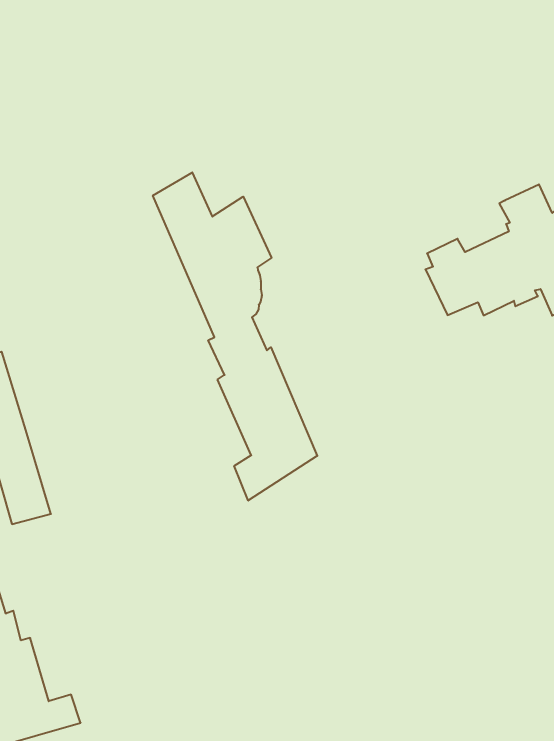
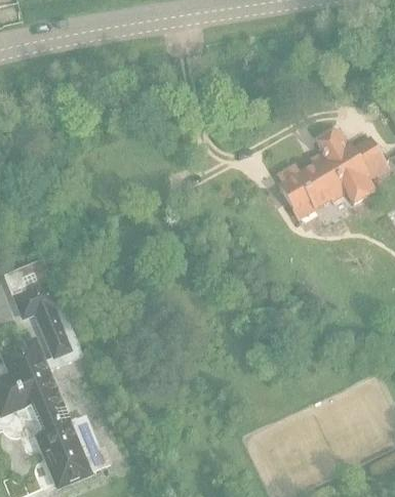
building: [153,172,317,501] -> none

